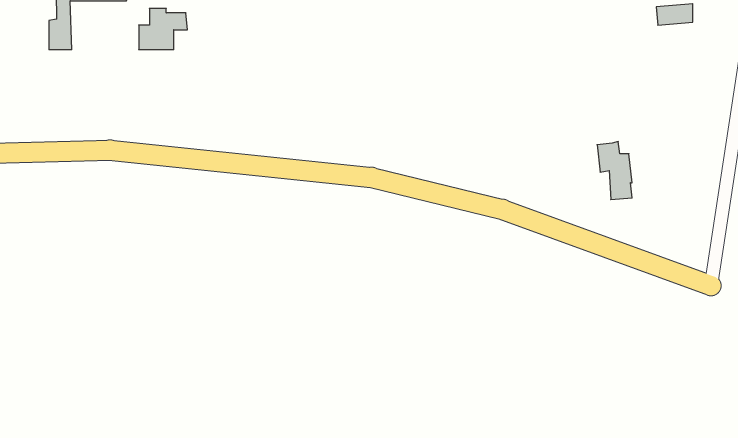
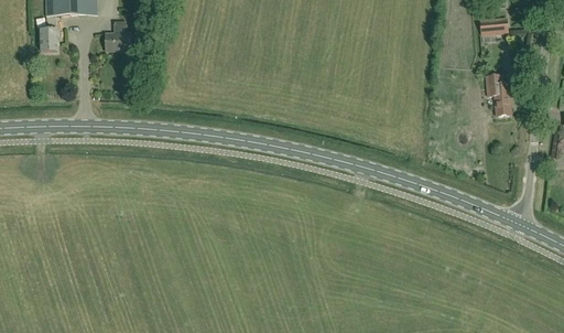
building: [597,142,632,200] -> [485,72,510,114]

